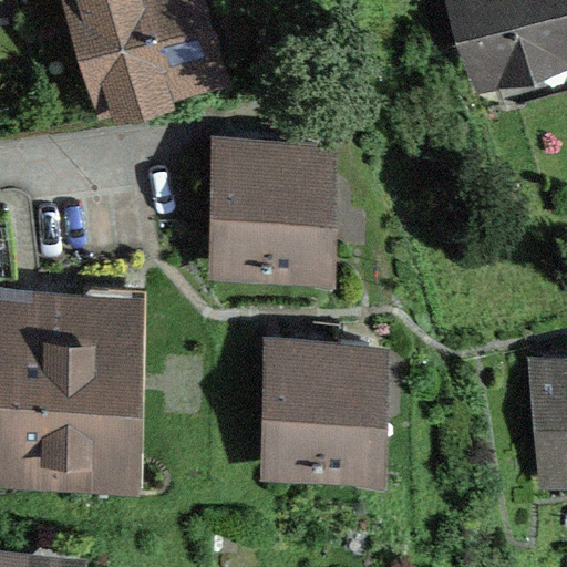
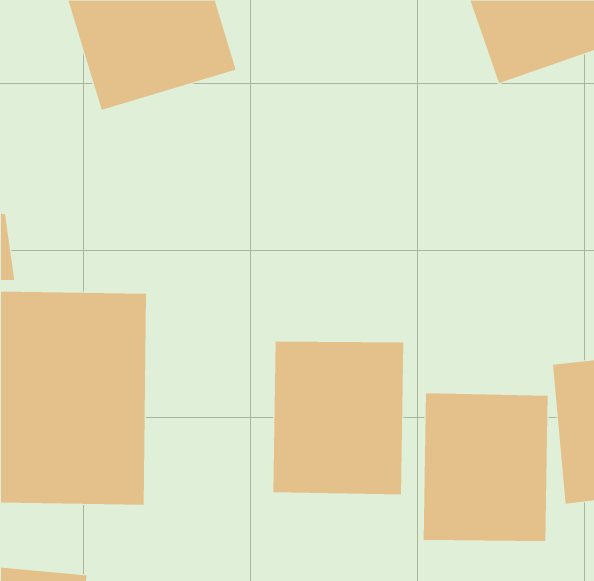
building: [207,138,333,284] -> none
building: none -> [423,393,548,542]

